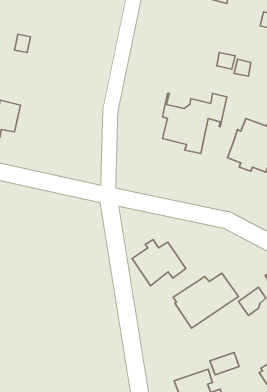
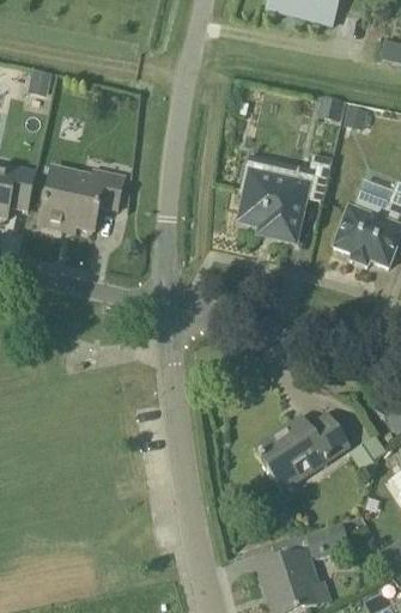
building: none -> [40,164,126,231]
building: [132,239,186,286] -> none

